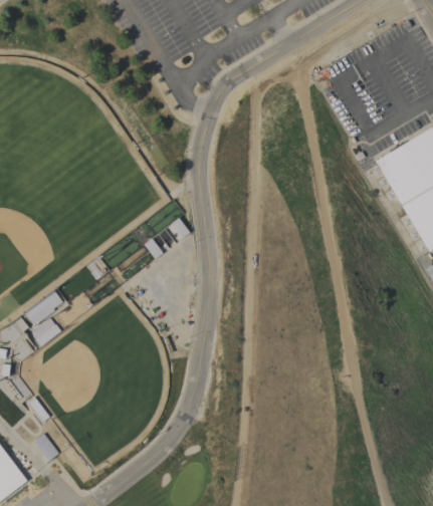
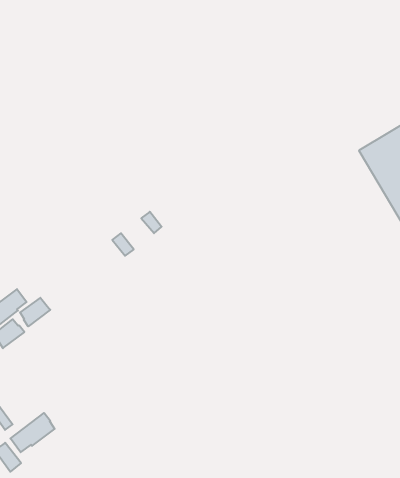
building: none -> [20,298,50,326]
building: none -> [10,413,55,452]

